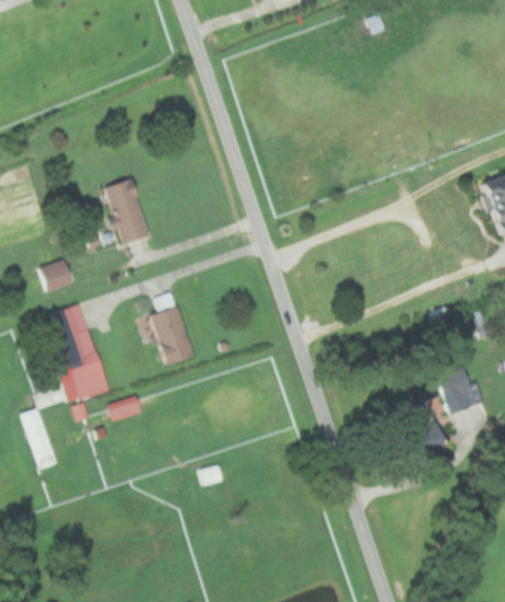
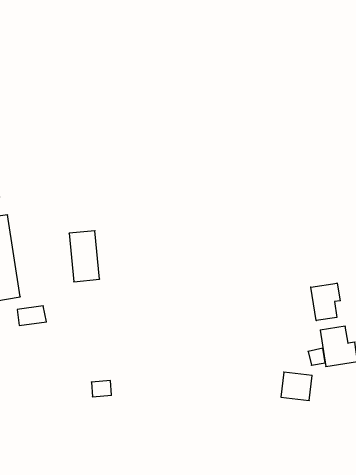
building: [105,177,150,242] -> none
building: none -> [311,283,340,321]

